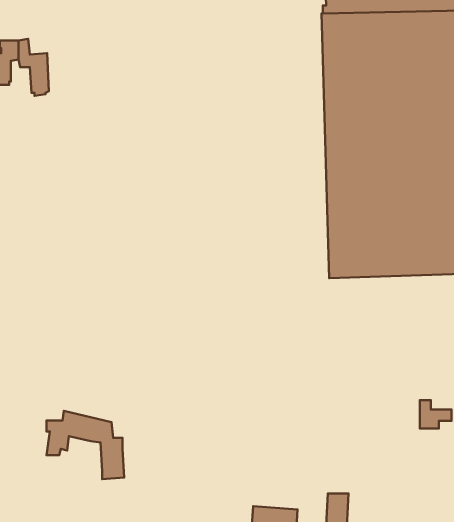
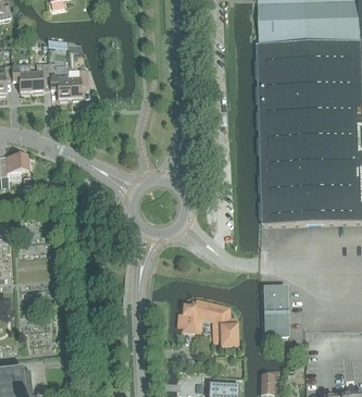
building: none -> [67,69,87,99]
building: none -> [263,287,287,337]
building: [47,411,124,479] -> [183,299,236,346]

